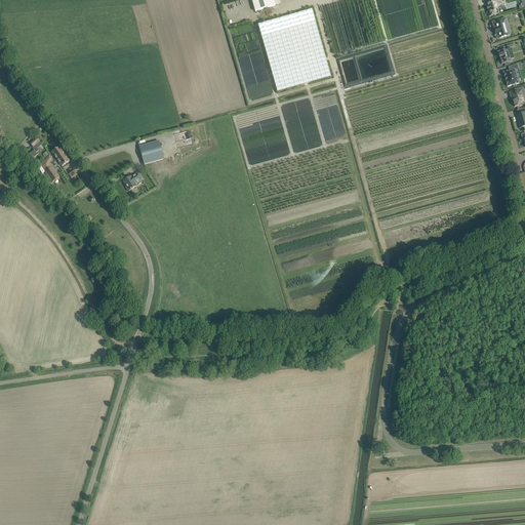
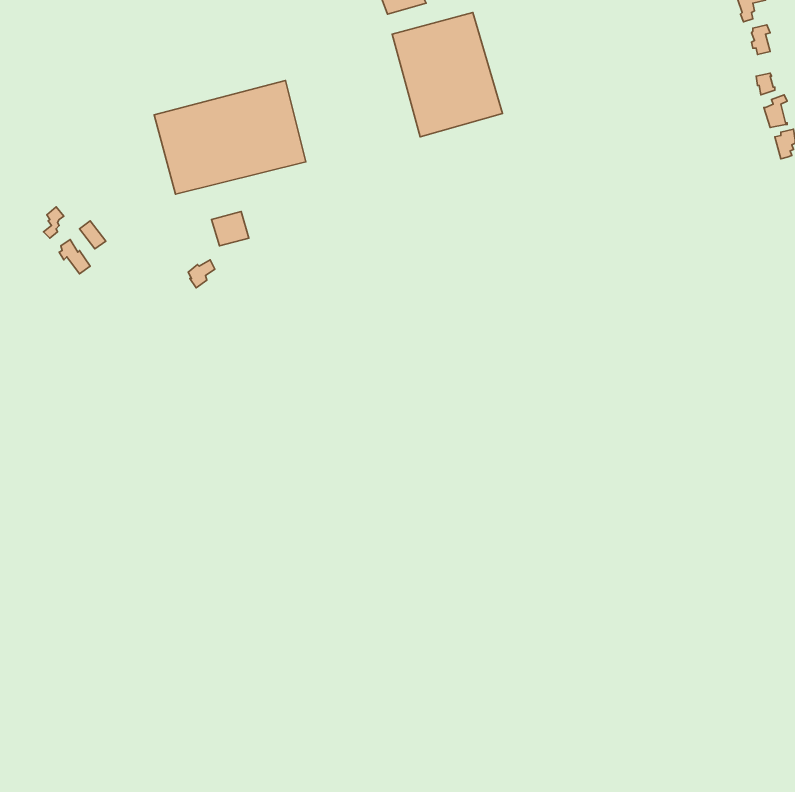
building: none -> [154,80,306,194]

